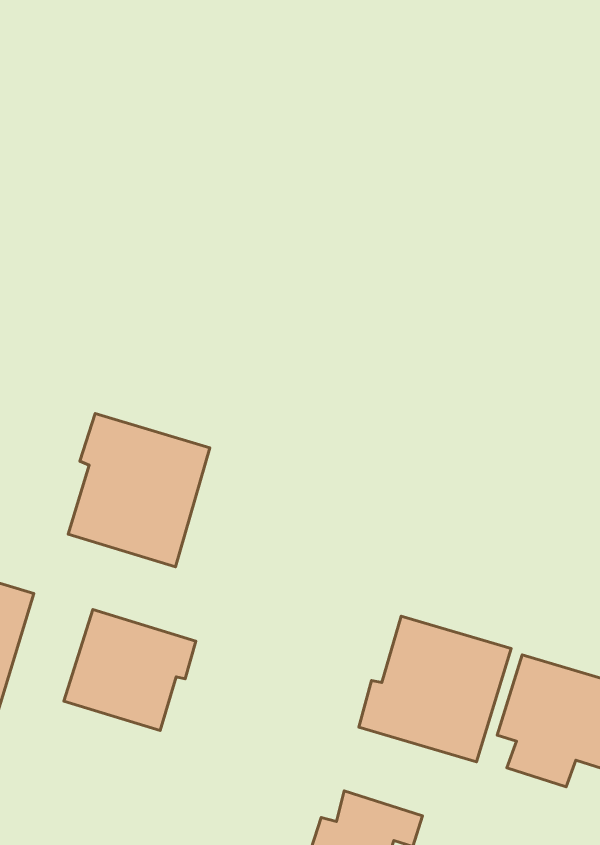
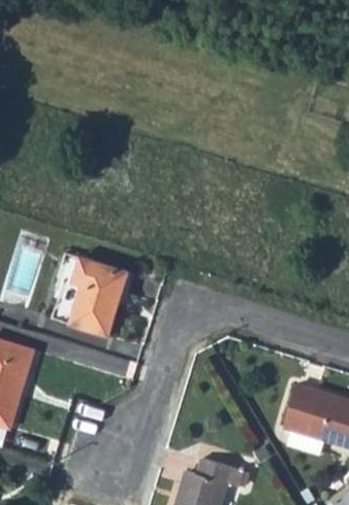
building: [64,610,196,730] -> none
building: [359,616,511,762] -> none

